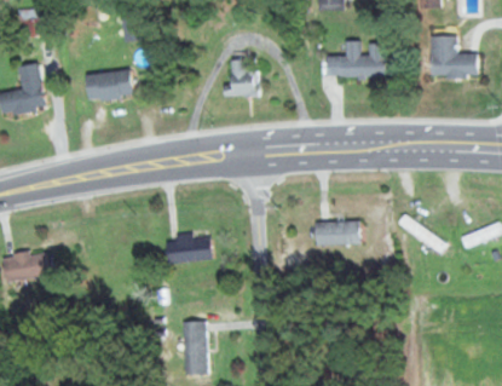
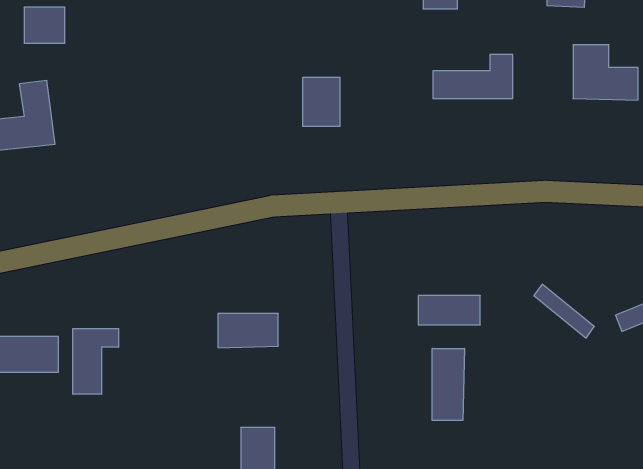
building: [86,71,132,99] -> none
building: none -> [73,329,119,394]
building: none -> [432,348,464,420]

